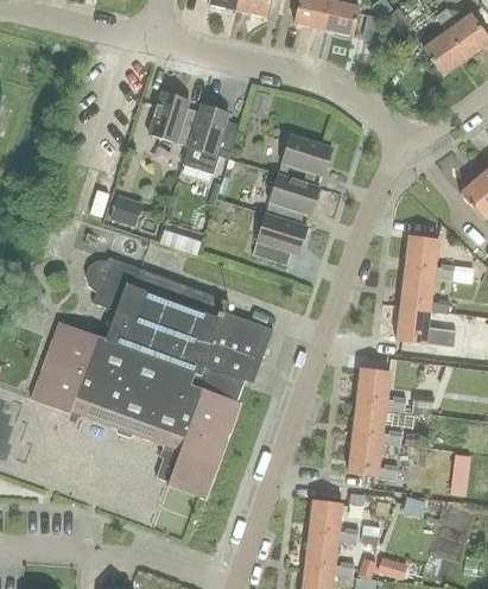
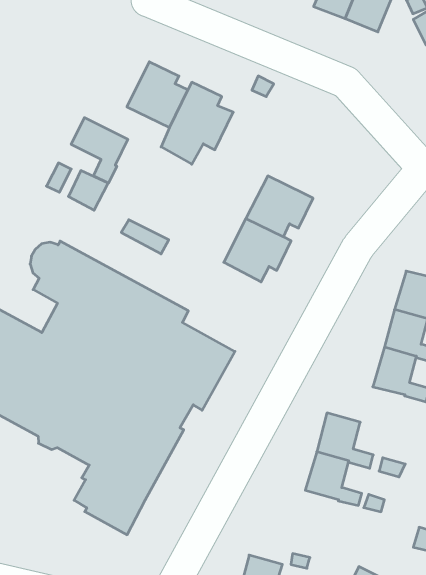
building: [278,134,331,184] -> none
building: none -> [71,118,128,183]
building: [348,437,397,492] -> none

